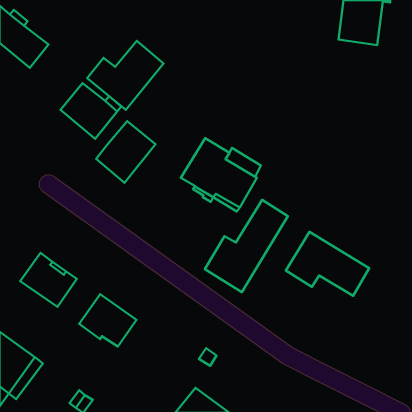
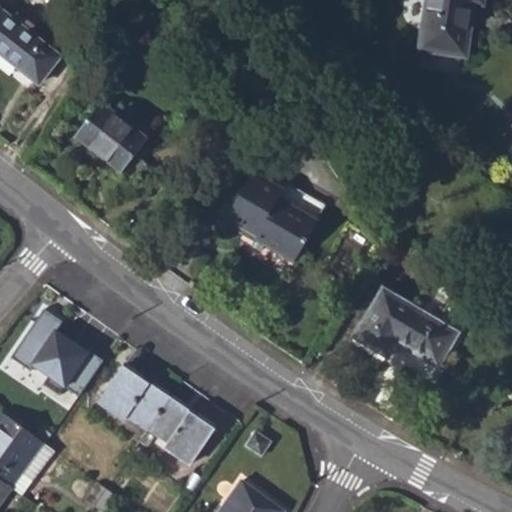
building: [87,41,164,110] -> none
building: [96,121,156,183] -> none
building: [205,200,288,292] -> none
building: none -> [146,397,214,466]

